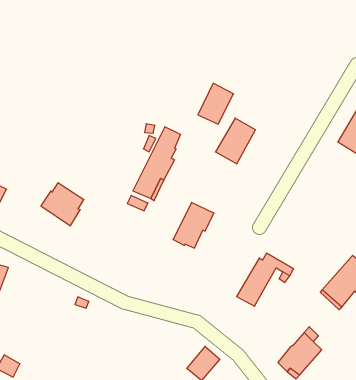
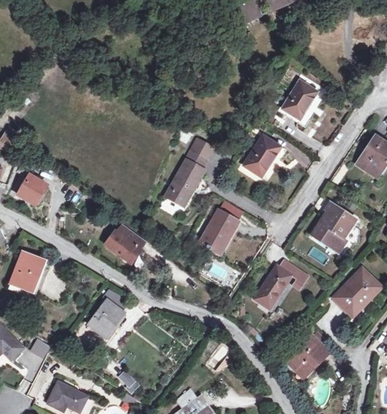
building: [198,83,234,124] -> [282,80,316,118]
building: [41,183,84,226] -> [103,223,143,263]
building: none -> [311,202,354,253]
building: none -> [87,300,124,336]

